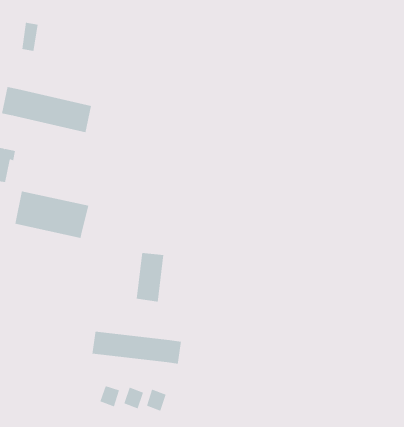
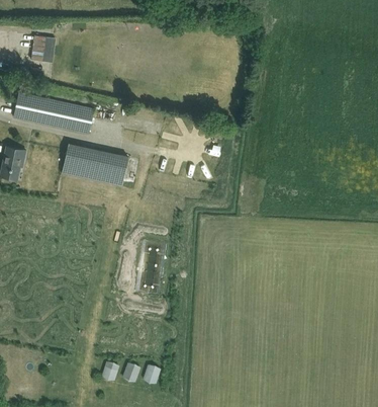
building: [14,191,89,238] -> [62,143,128,185]
building: [92,331,181,364] -> none

